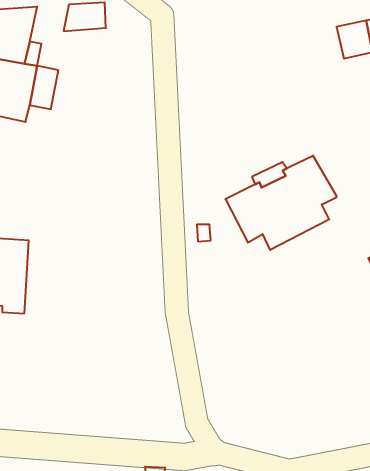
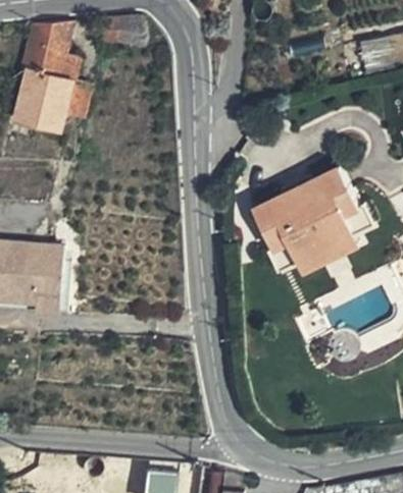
building: none -> [269,203,374,271]

